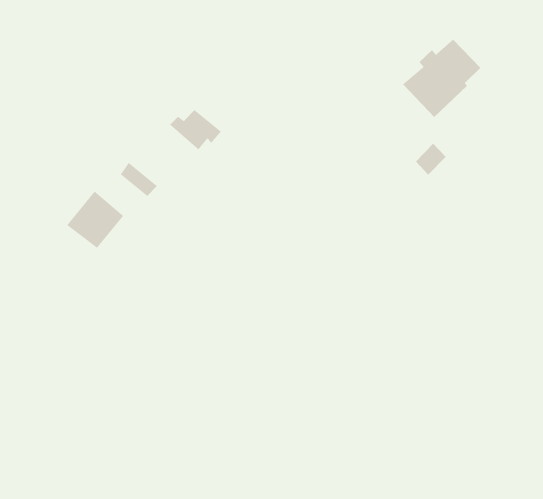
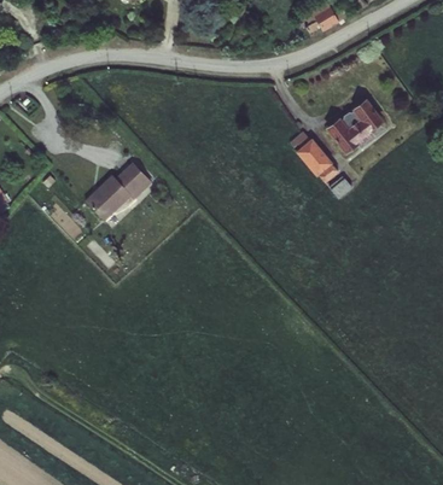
building: none -> [297,140,340,183]
building: [169,109,222,151] -> [100,175,138,205]

